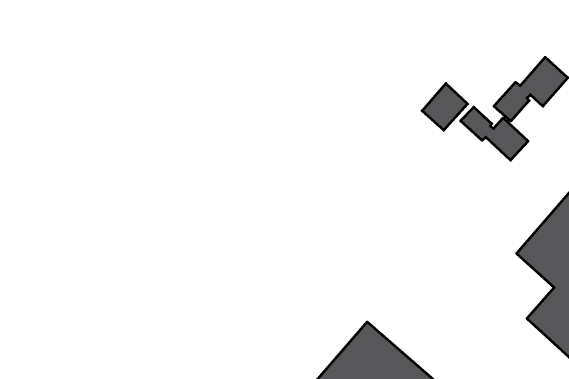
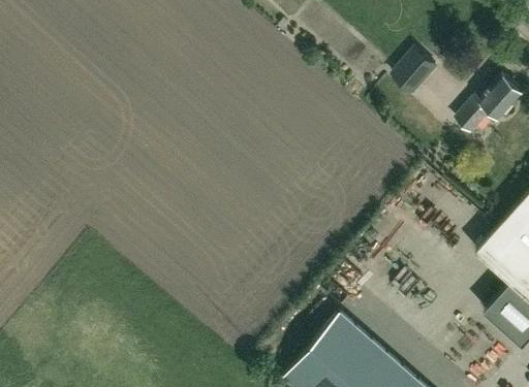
building: [422,83,468,130] -> [394,49,435,91]
building: [461,107,528,160] -> none

